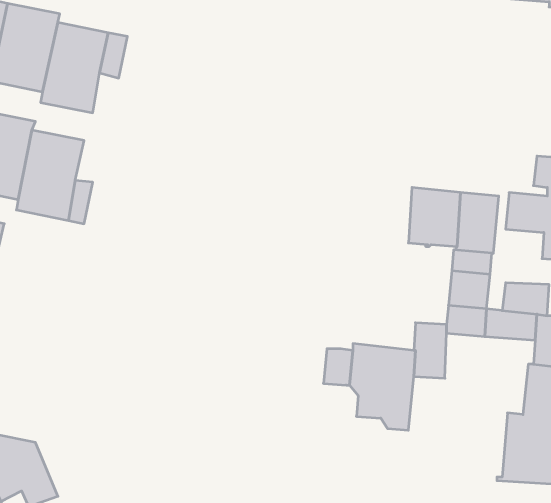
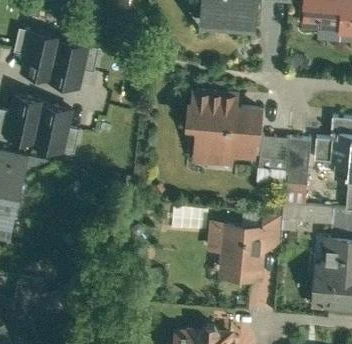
building: none -> [190,91,260,163]

